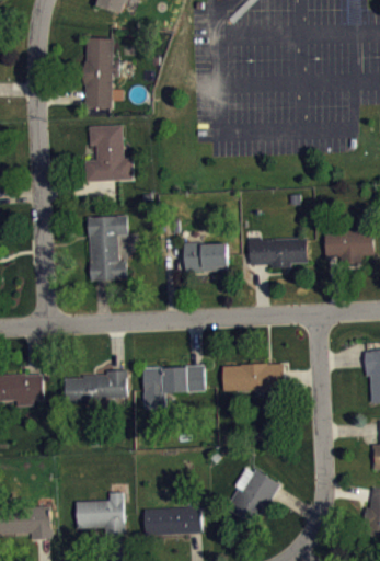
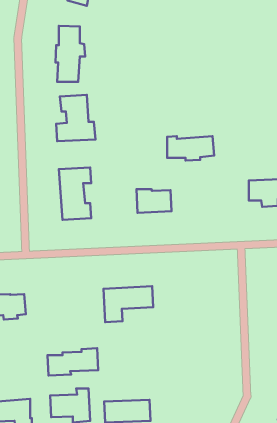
building: [249,238,308,268] -> [167,136,214,161]
building: [222,364,285,391] -> none
building: [65,370,128,404] -> [48,348,98,375]
building: [226,469,281,522] -> none

